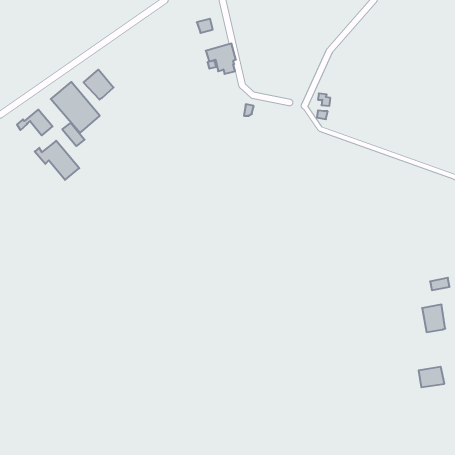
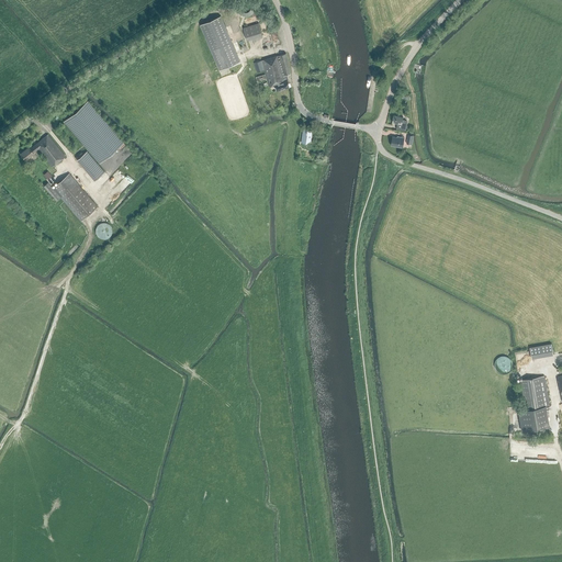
building: none -> [200,15,239,70]
building: [84,70,114,100] -> none
building: [419,367,444,387] -> [518,406,550,431]

